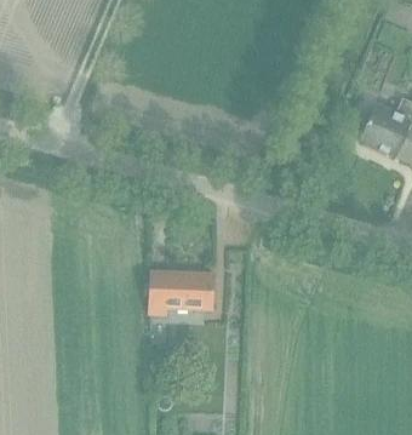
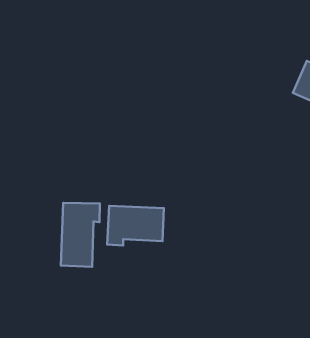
building: none -> [61,203,100,267]

